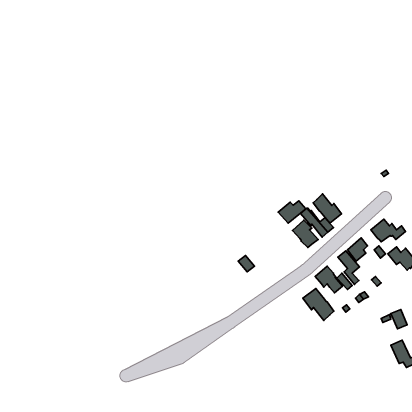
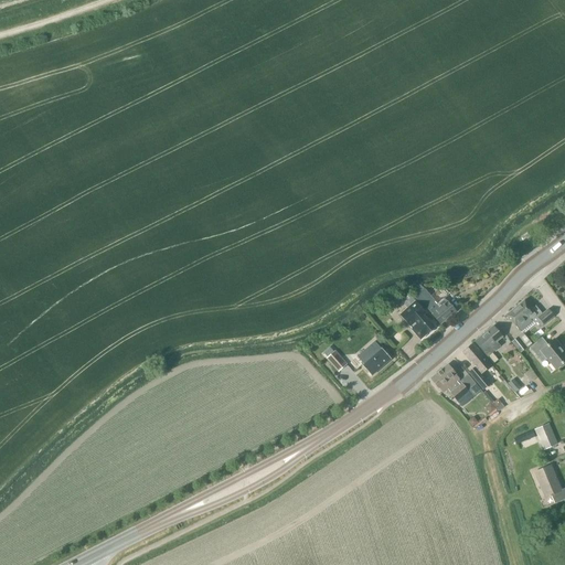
building: [313,194,342,223] -> none
building: [278,201,306,223] -> none
building: none -> [358,341,392,376]
building: [303,288,334,321] -> none

